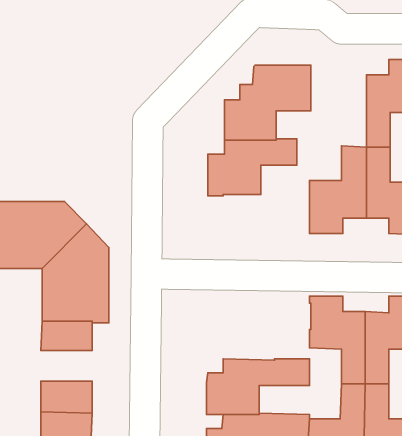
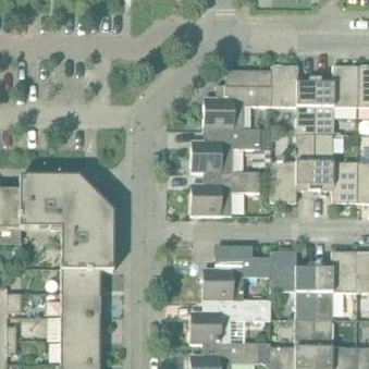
building: none -> [271,64,315,134]
building: none -> [190,171,259,216]
building: none -> [202,256,271,300]
building: none -> [60,293,100,317]

